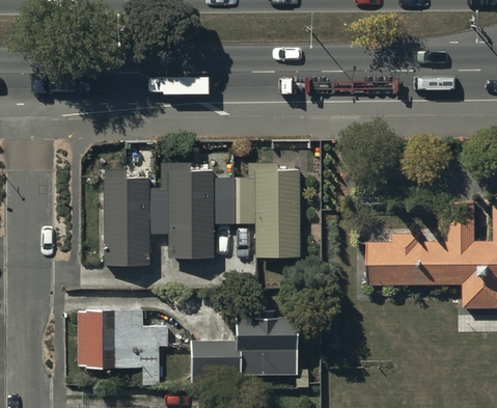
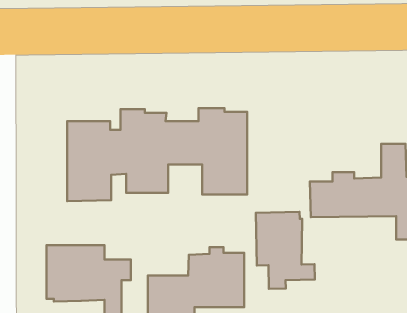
building: none -> [256,212,315,289]

